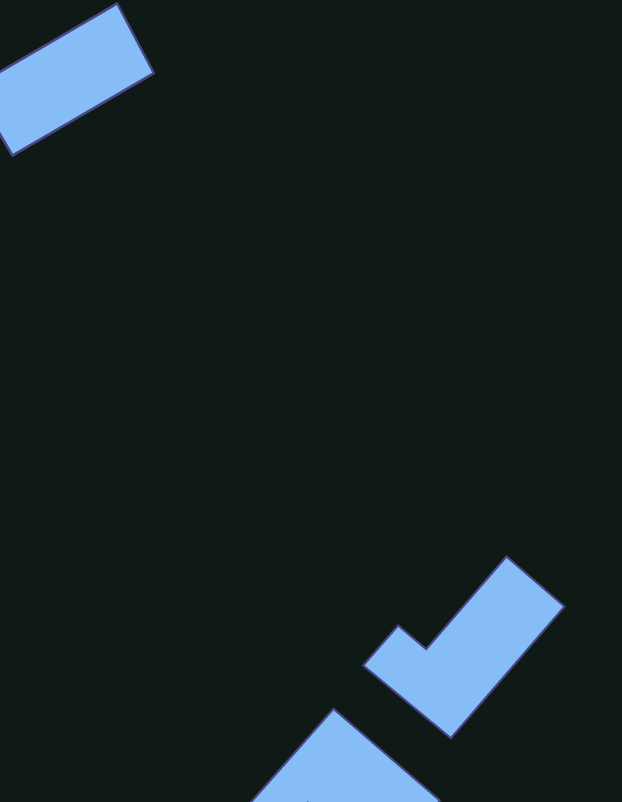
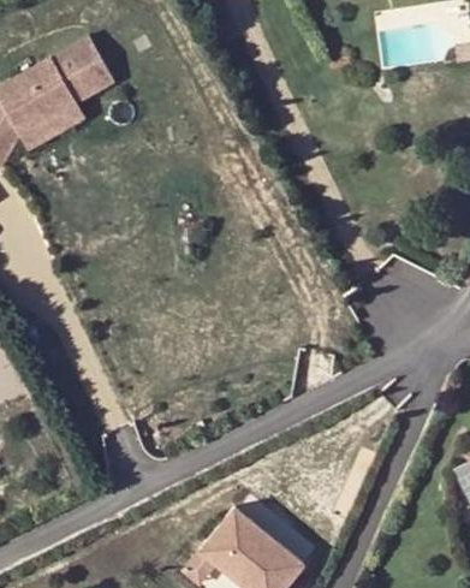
building: [363,557,564,738] -> none

